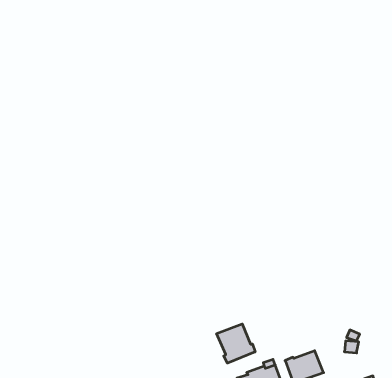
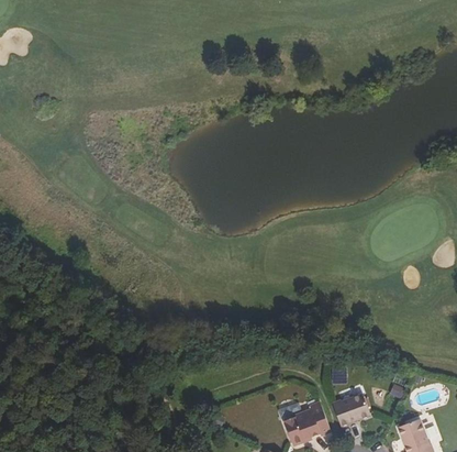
building: [217,324,255,363] -> none

